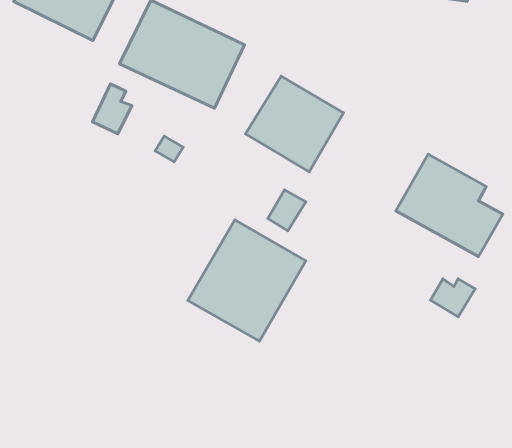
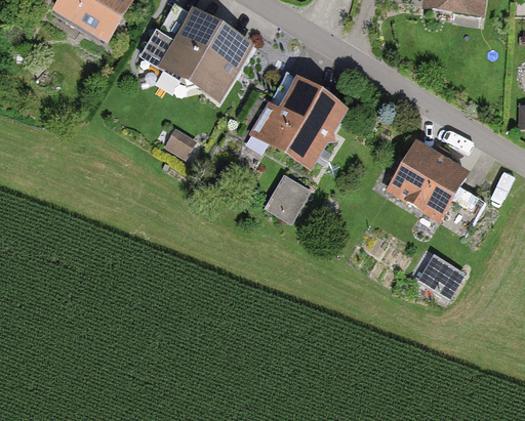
building: [93,84,132,134] -> none
building: [188,220,306,341] -> none

